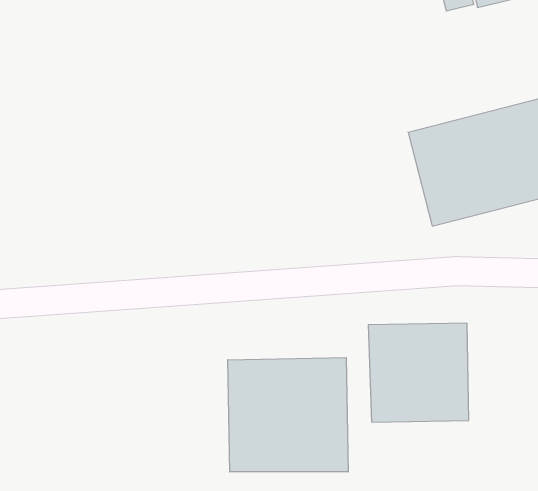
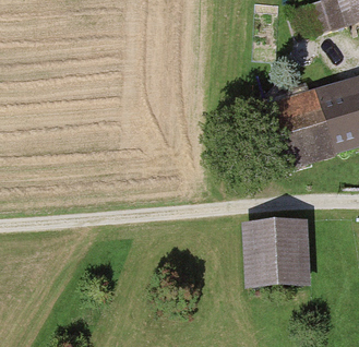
building: [228,358,348,472] -> none

